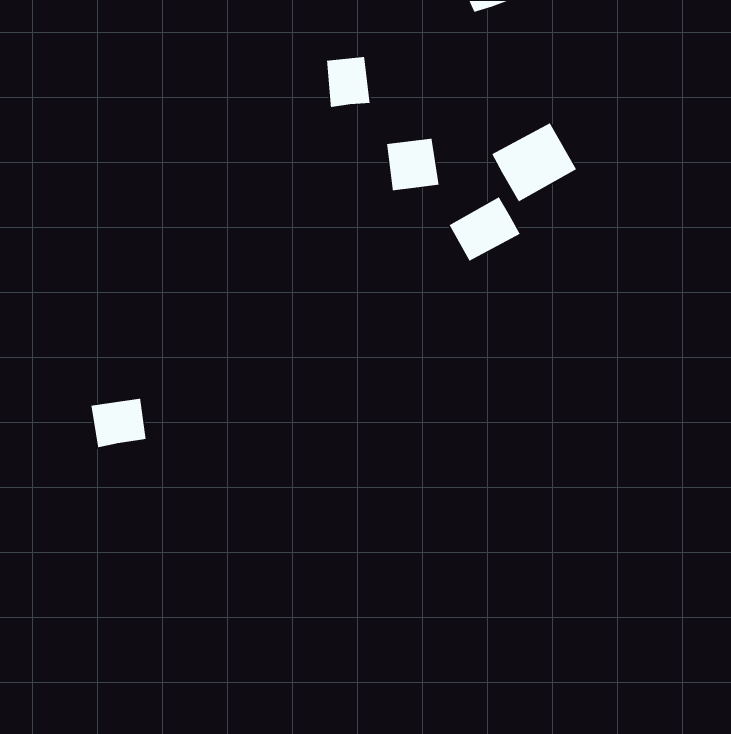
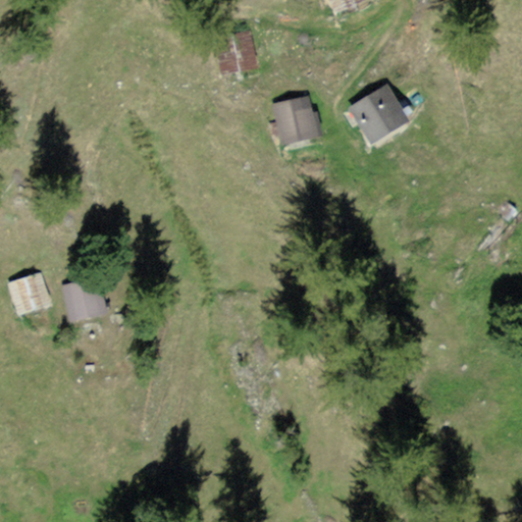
building: [448,196,521,262] -> none
building: none -> [8,275,45,310]

